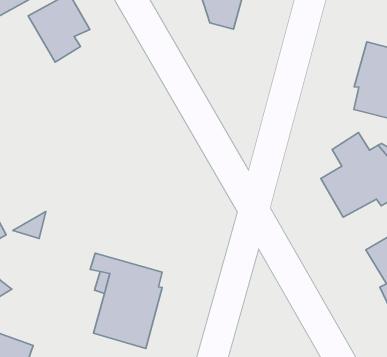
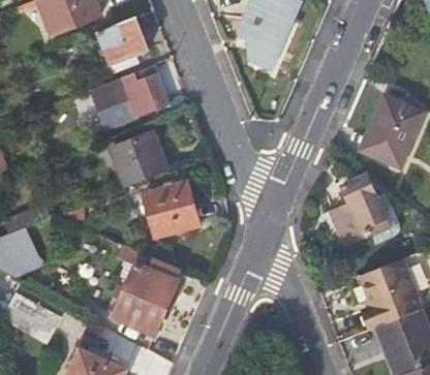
building: none -> [87,72,168,120]
building: none -> [108,130,168,188]
building: none -> [142,181,198,238]

